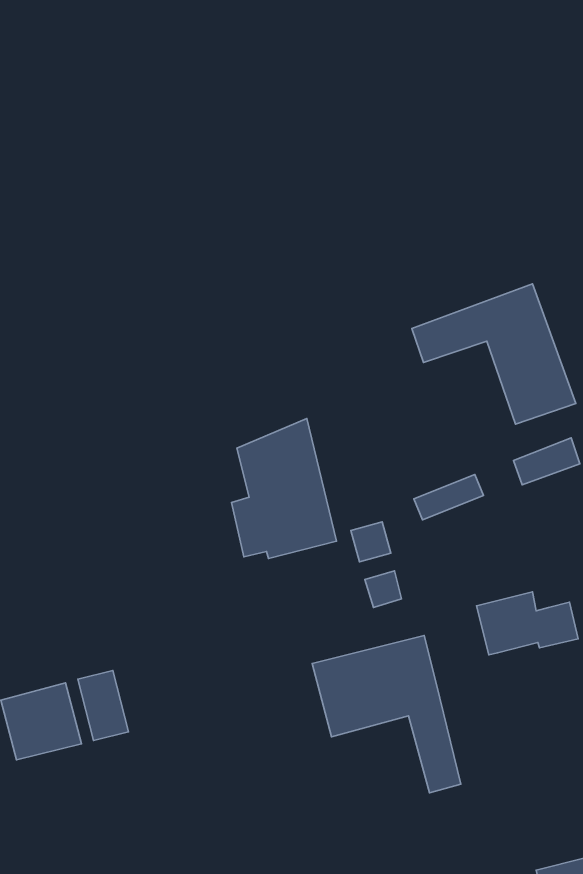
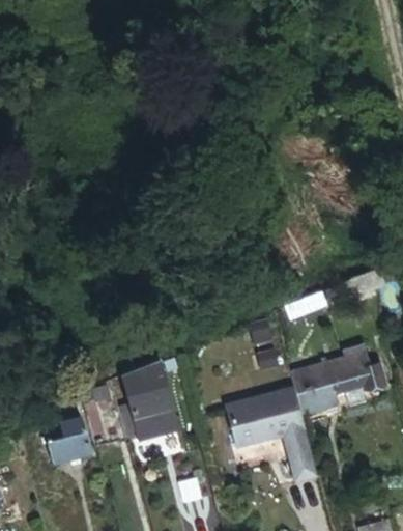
building: [412,284,576,424] -> none
building: [232,418,337,559] -> [120,356,182,439]
building: none -> [289,348,366,416]

